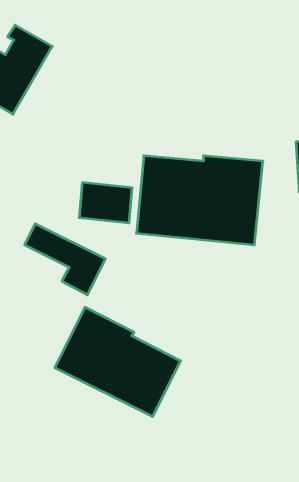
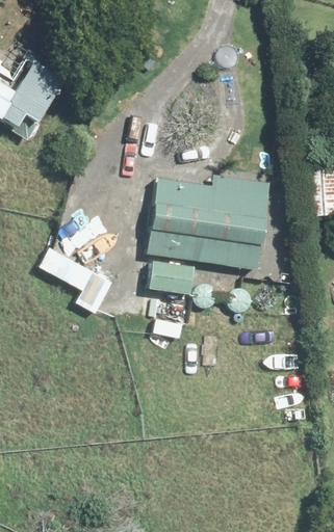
building: [79,183,132,223] -> [148,257,200,296]
building: [55,307,181,417] -> none

